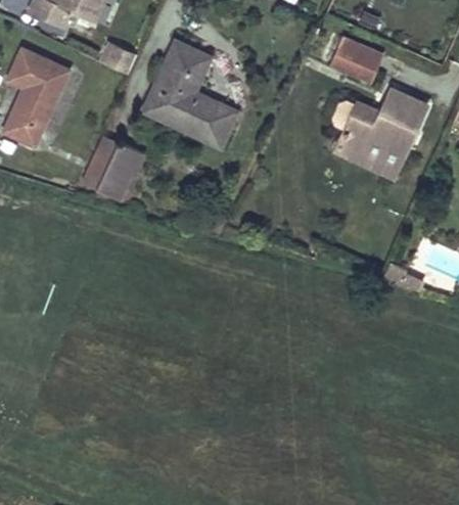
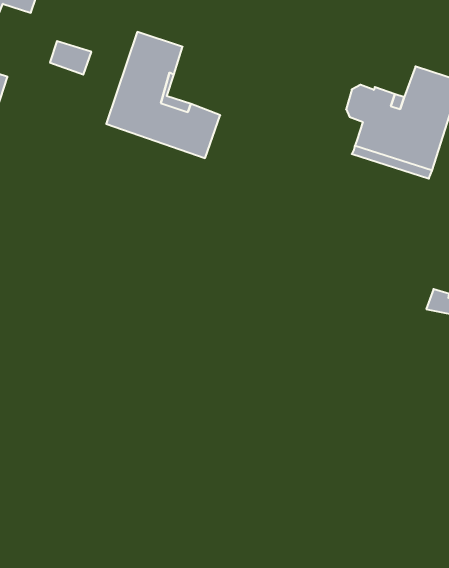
building: [329,38,382,83] -> none
building: [83,138,144,200] -> none

